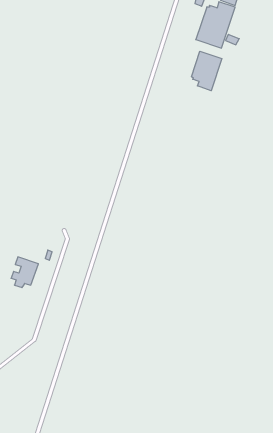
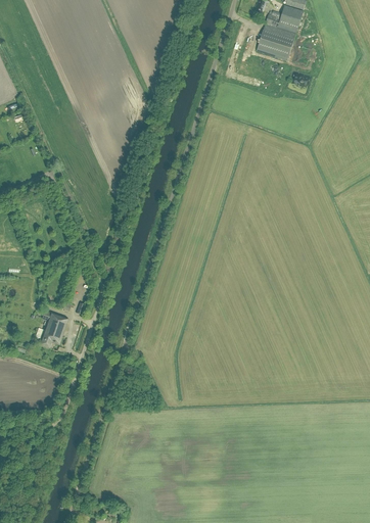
building: [192,51,222,91] -> none

